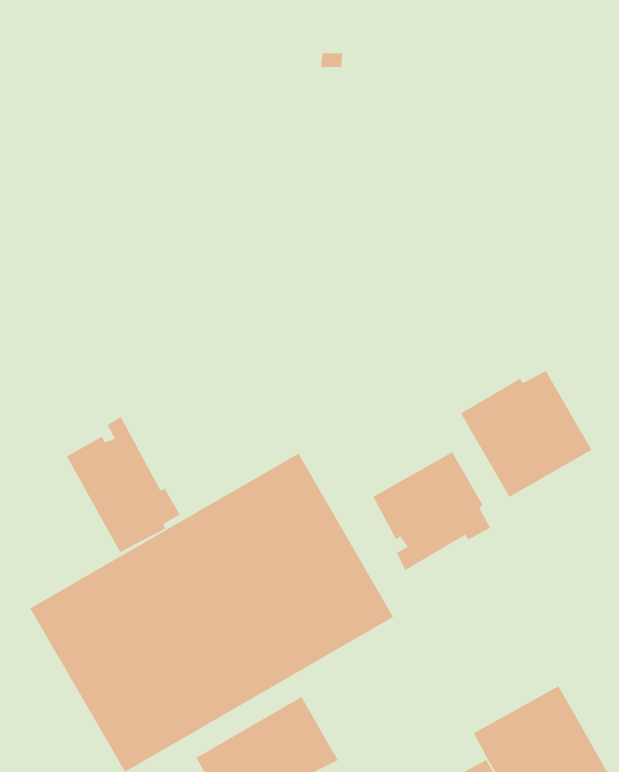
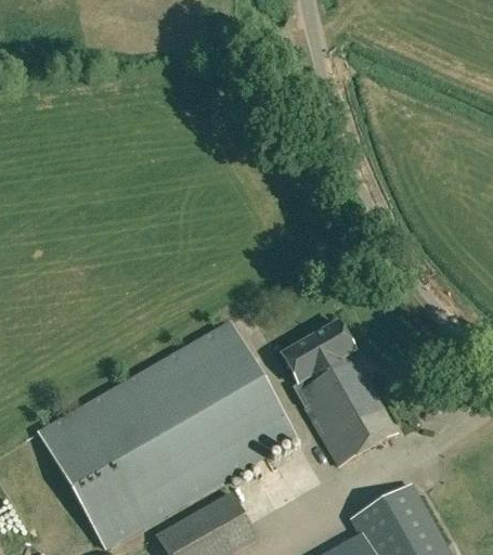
building: [460,370,592,498] -> [303,375,397,465]
building: [65,416,181,553] -> none

